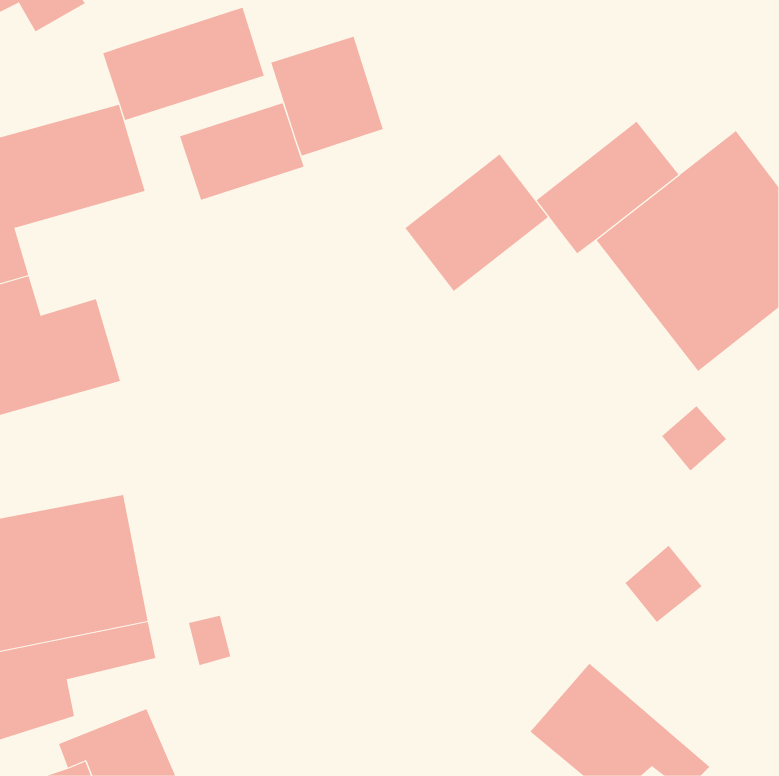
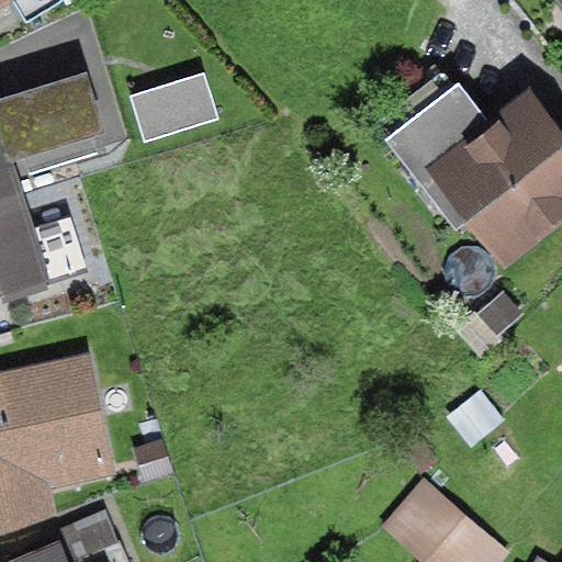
building: [102,7,264,121] -> none
building: [270,36,383,157] -> none
building: [405,153,549,292] -> none

